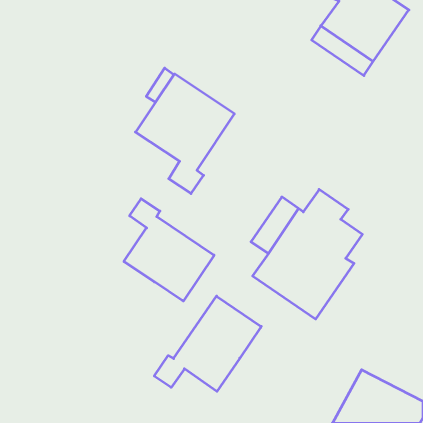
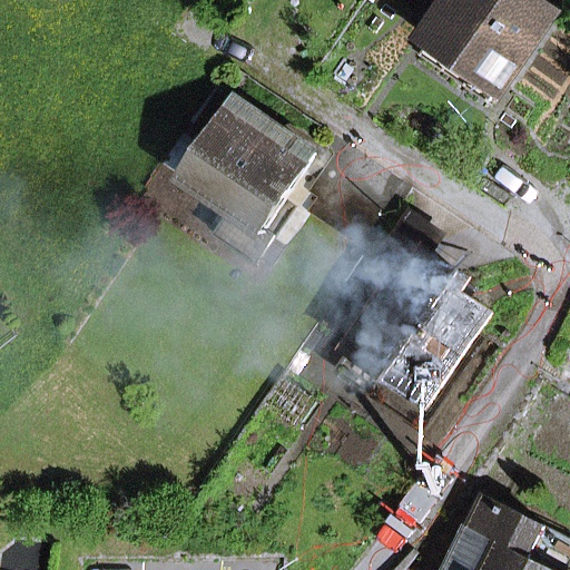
building: [124,199,214,301] -> none
building: [154,296,261,391] -> none

